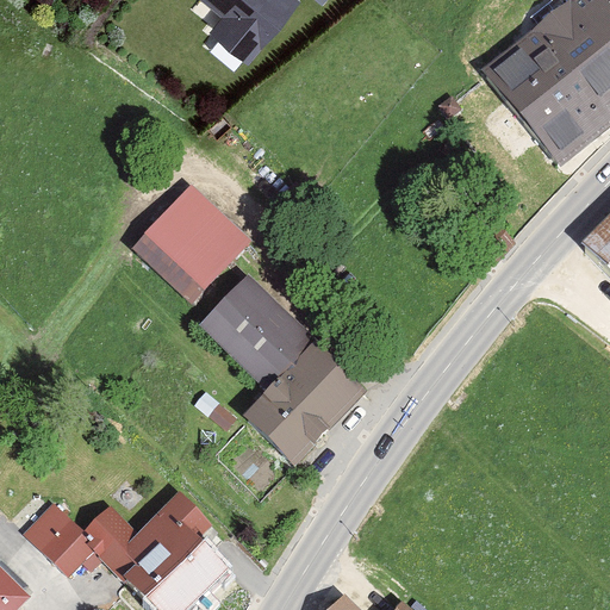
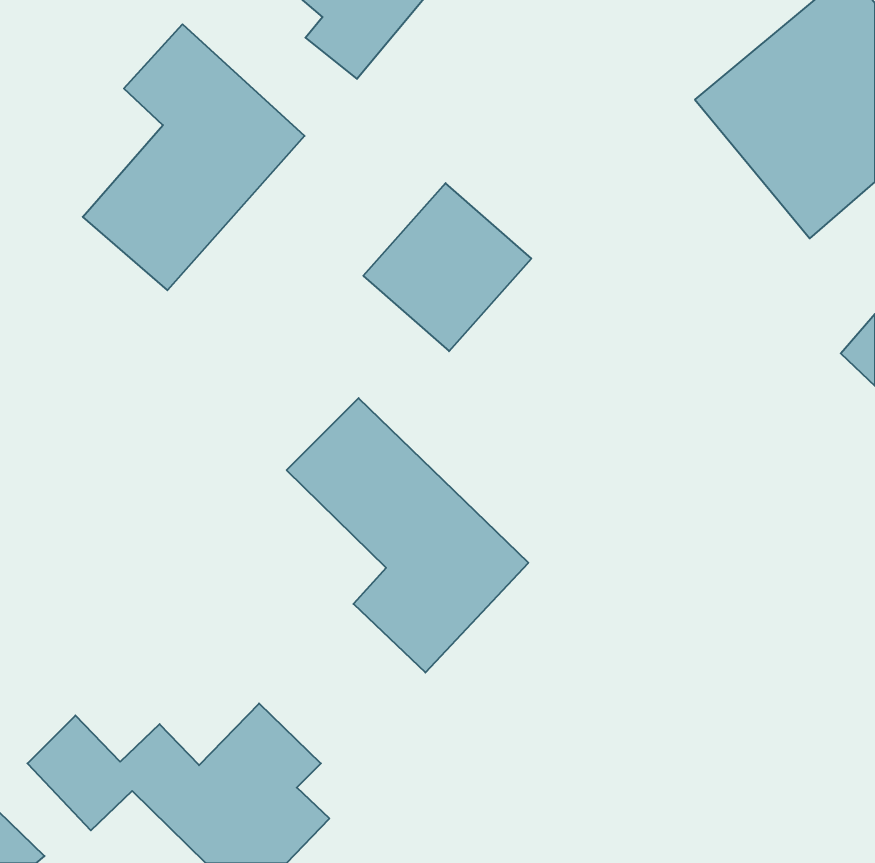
building: none -> [83,24,305,290]
building: [132,185,249,301] -> [363,183,531,351]

